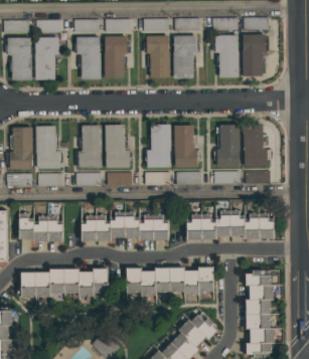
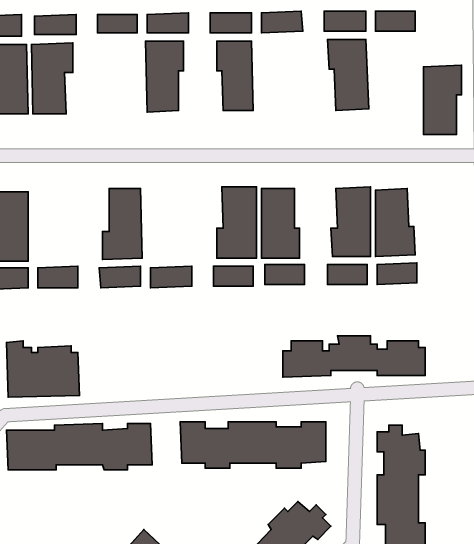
building: [243,33,266,75] -> [423,65,461,135]
building: [173,35,197,77] -> none
building: [75,36,101,79] -> none
building: [105,124,130,168] -> none
building: [36,126,60,169] -> none
building: [82,216,168,244] -> none

